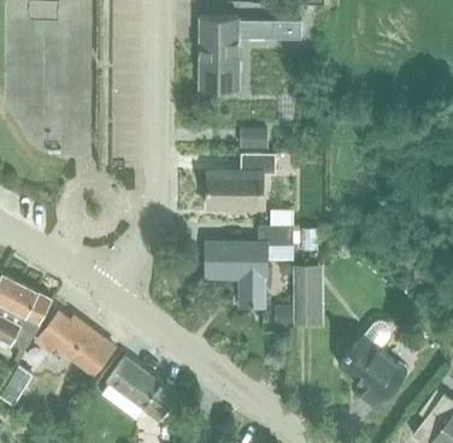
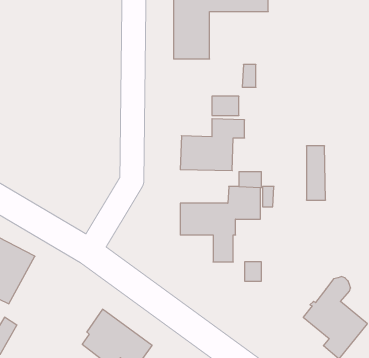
building: [298,267,318,325] -> [306,146,326,200]
building: [36,313,114,376] -> none

